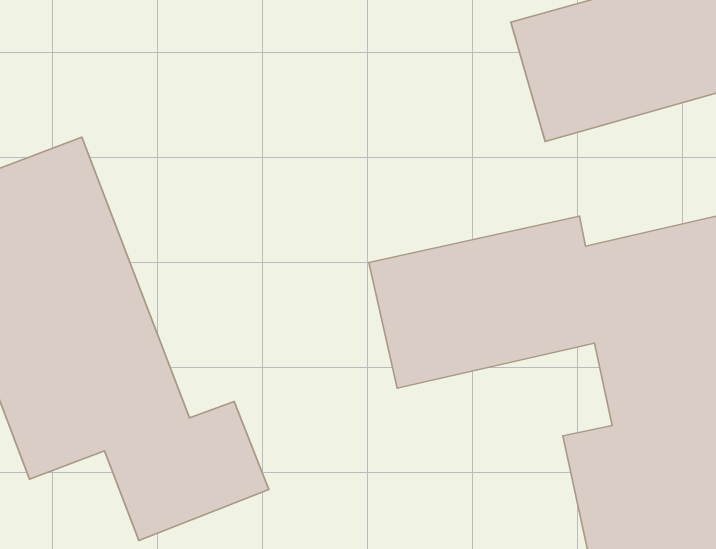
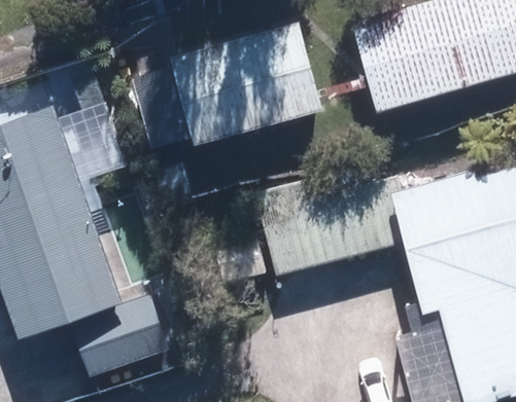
building: none -> [136,30,328,158]

